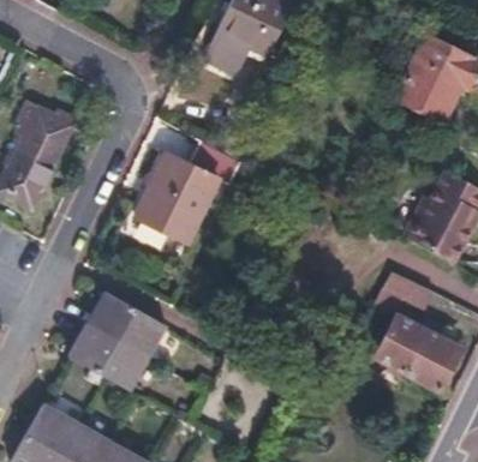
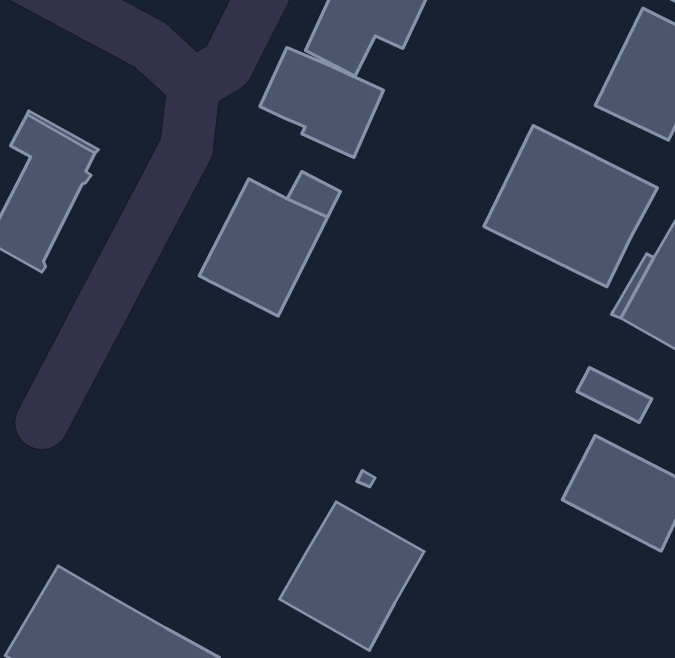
building: none -> [260,47,383,158]
building: none -> [484,125,658,287]
building: [70,289,165,386] -> [279,502,424,651]

